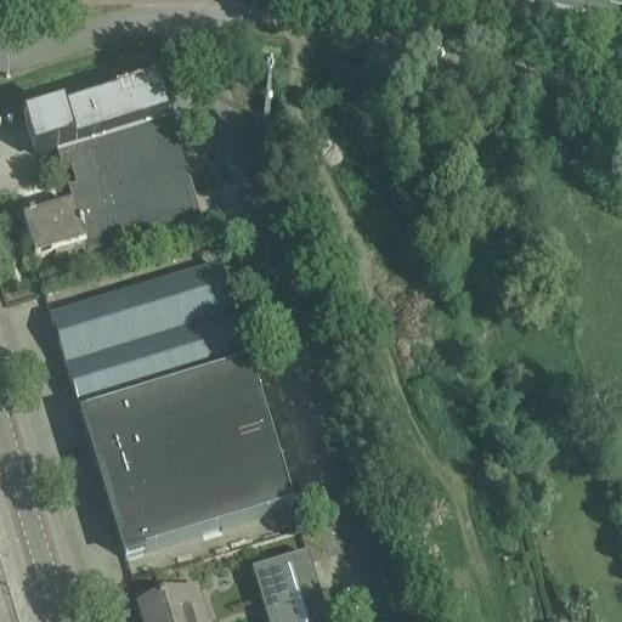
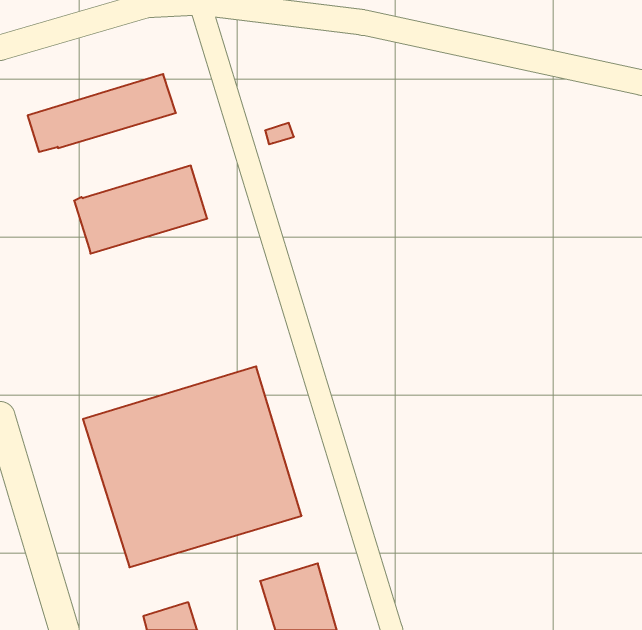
building: [56,109,185,192] -> none
building: [22,194,86,250] -> none
building: [51,258,248,406] -> none

